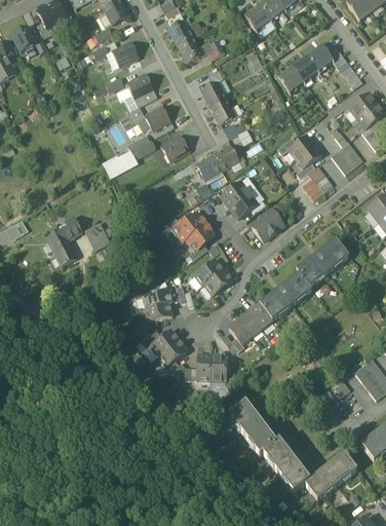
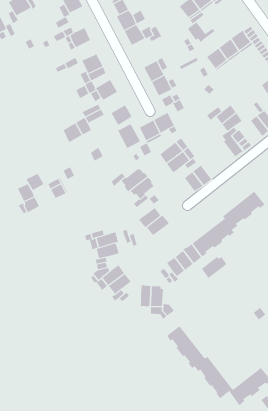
building: none -> [187,21,215,43]
building: none -> [117,123,141,149]
building: none -> [201,256,227,279]

